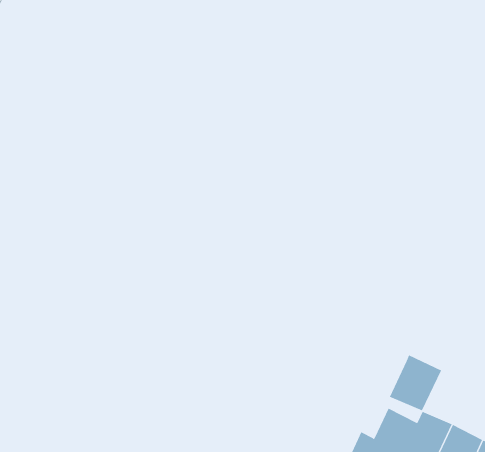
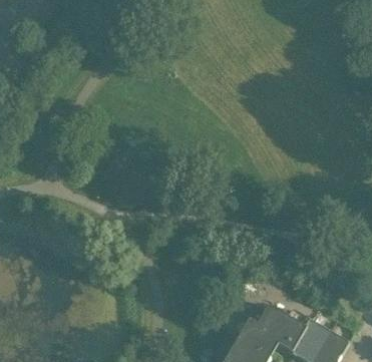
building: [389,354,442,411] -> none

